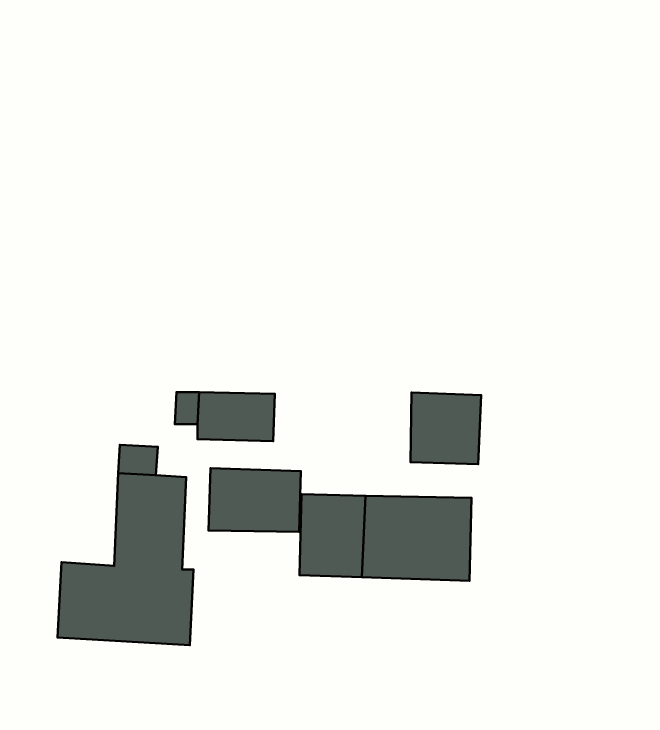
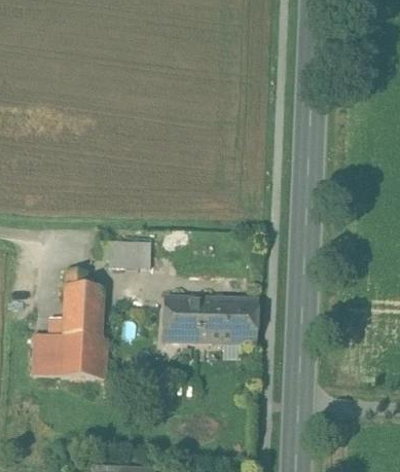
building: [410,393,481,464] -> none
building: [209,468,301,532] -> none

